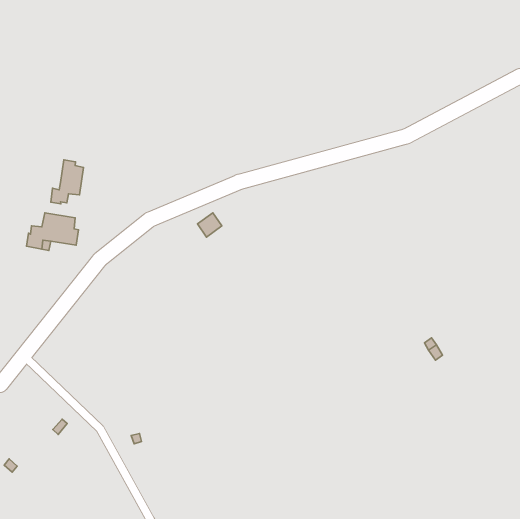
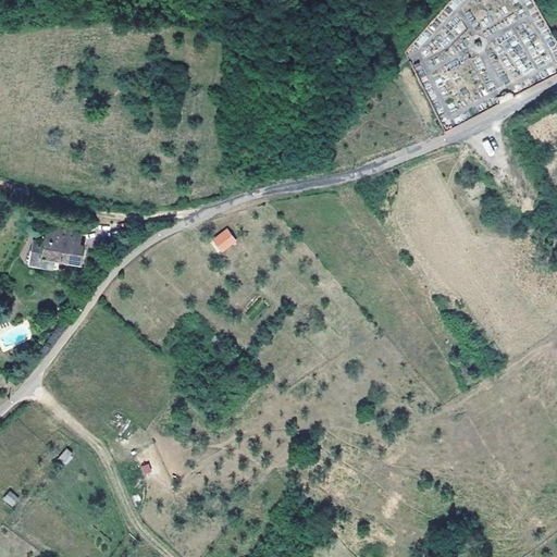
building: [51,160,83,204] -> none

